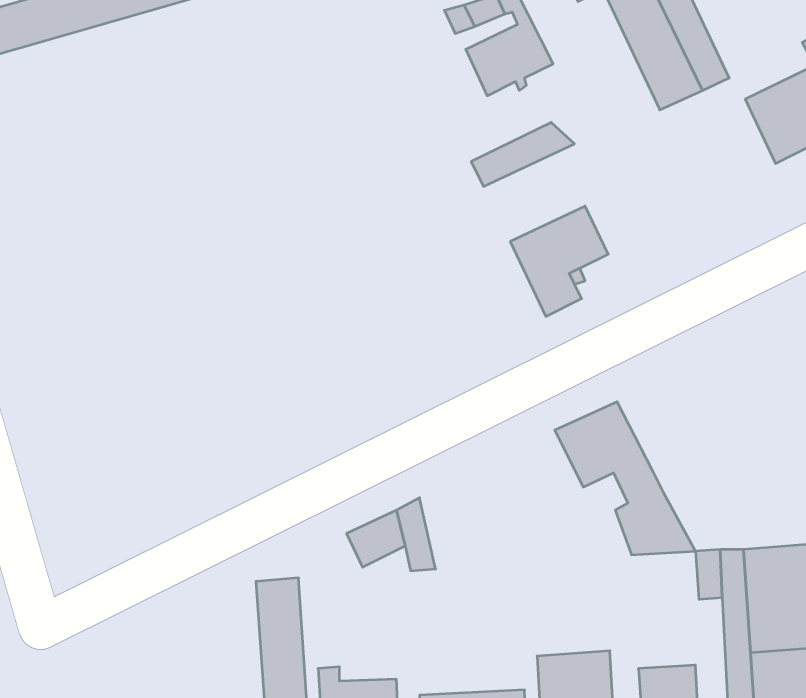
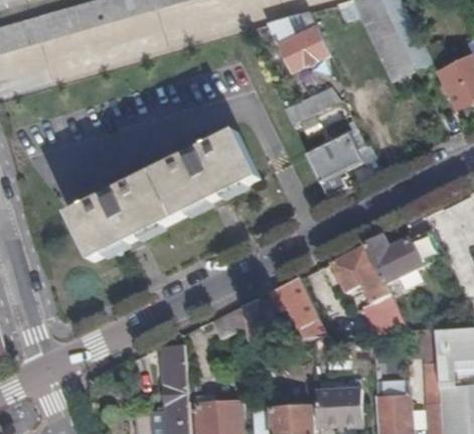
building: none -> [68,131,259,261]
building: none -> [364,227,445,283]
building: none -> [271,275,326,335]

